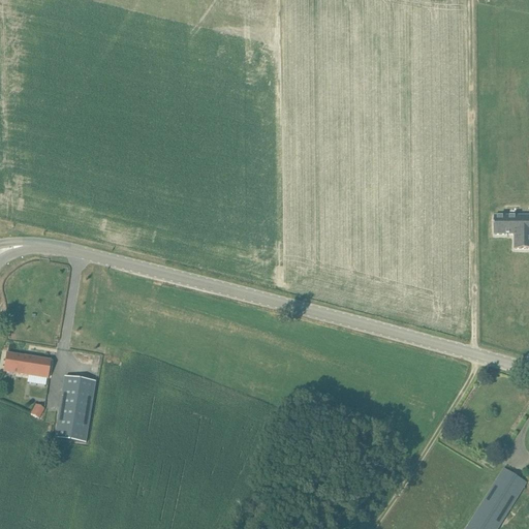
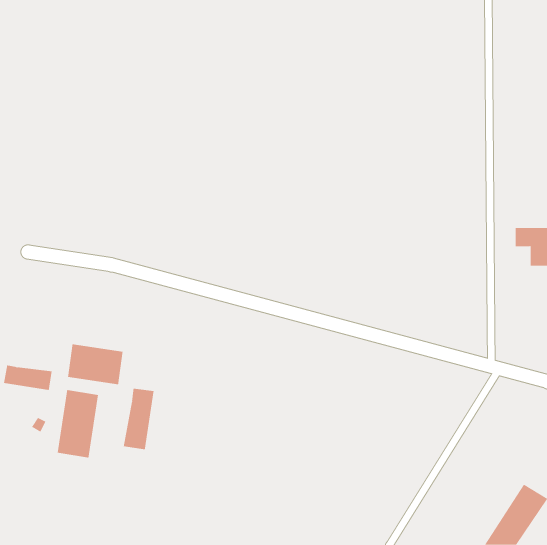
building: none -> [67,343,123,385]
building: none -> [123,388,154,450]

